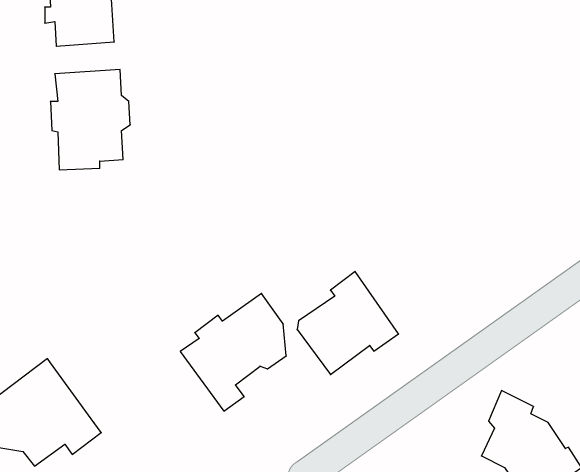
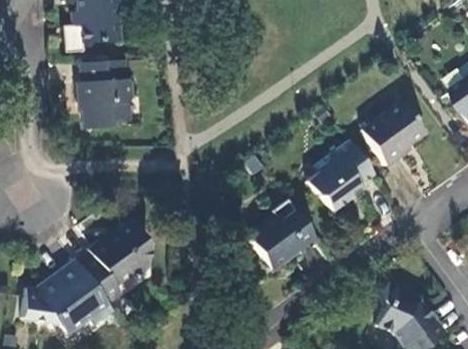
building: none -> [361,101,424,166]
building: none -> [307,139,375,212]
building: [180,293,286,411] -> [77,222,150,303]

